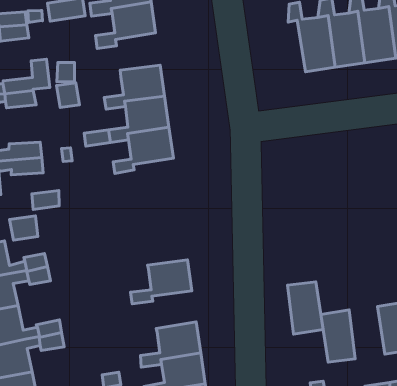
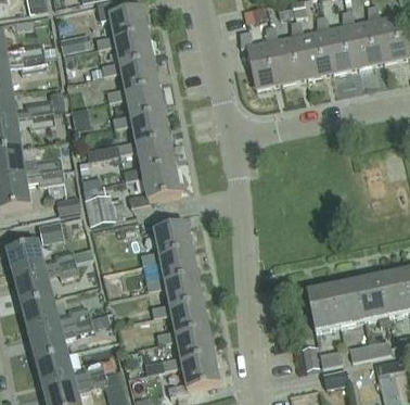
building: none -> [240,30,282,89]
building: none -> [107,59,158,101]
building: none -> [129,164,180,205]
building: none -> [82,185,116,226]
building: none -> [140,223,192,264]
building: [288,282,323,334] -> [332,279,364,325]
building: none -> [151,276,203,317]

